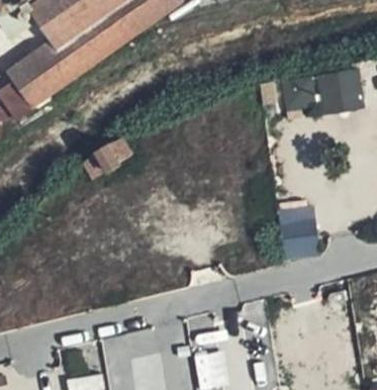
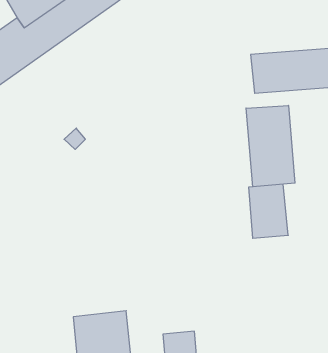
building: none -> [246,105,295,187]

